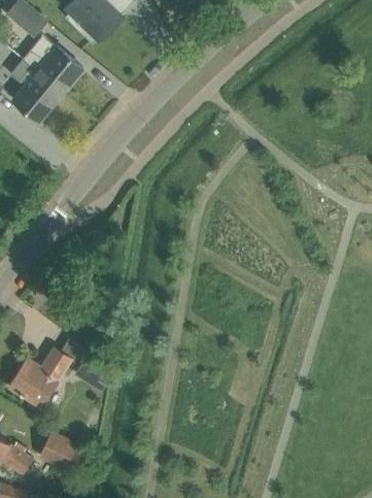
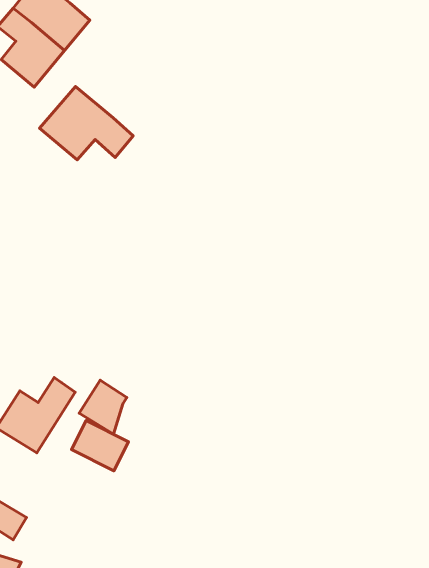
building: none -> [39,86,133,160]
building: [41,432,86,471] -> [72,421,128,471]

